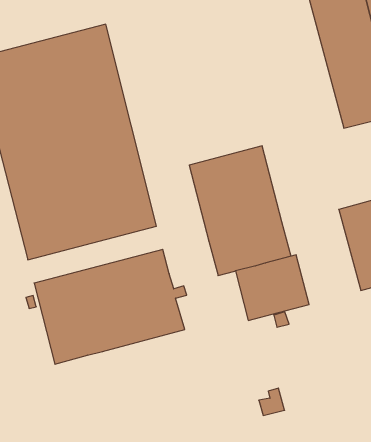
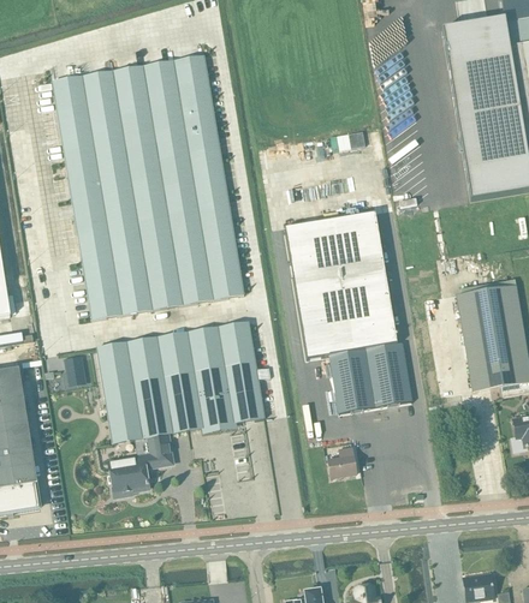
building: none -> [108,432,172,495]
building: [259,388,285,415] -> [327,446,356,476]

